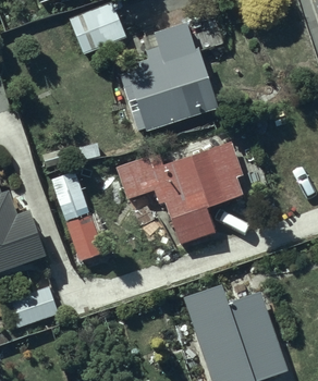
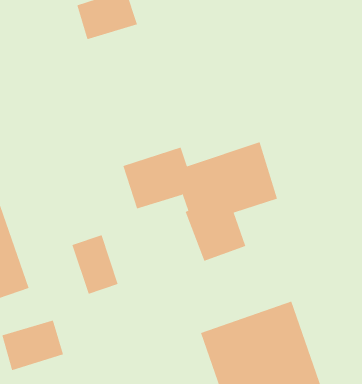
building: [123,33,217,122] -> none

